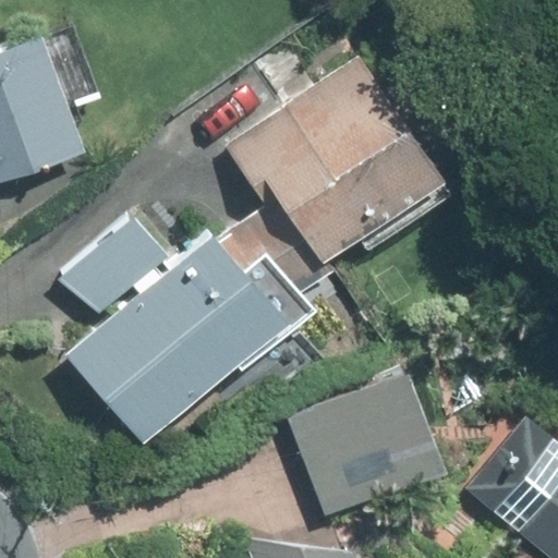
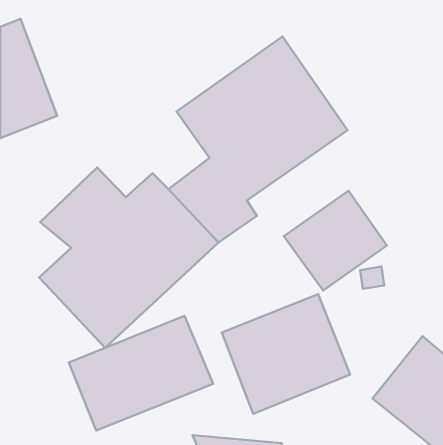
building: none -> [284,191,387,290]
building: none -> [69,316,213,430]

